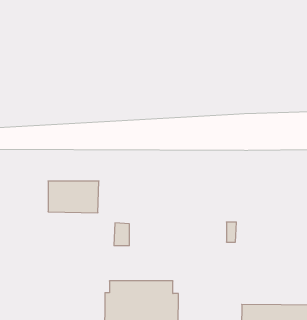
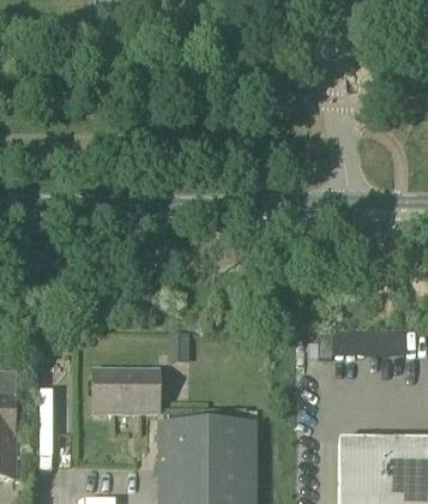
building: [48,181,99,213] -> [92,373,159,415]

